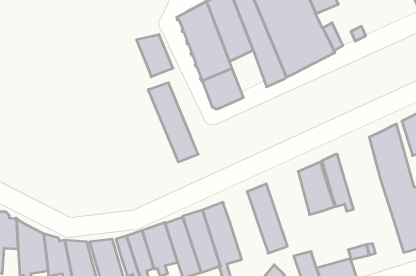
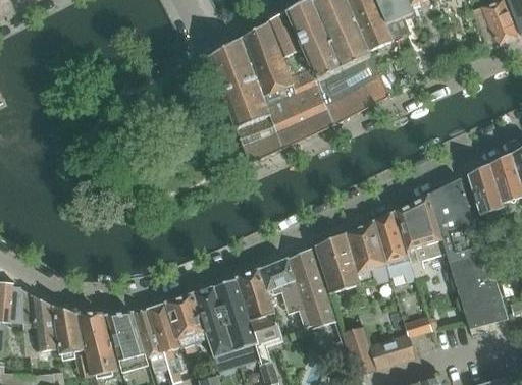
building: [137,34,173,77] -> none
building: none -> [267,94,310,149]
building: [148,83,198,162] -> none
building: none -> [395,195,445,279]
building: none -> [315,234,359,293]
building: none -> [260,260,311,327]

